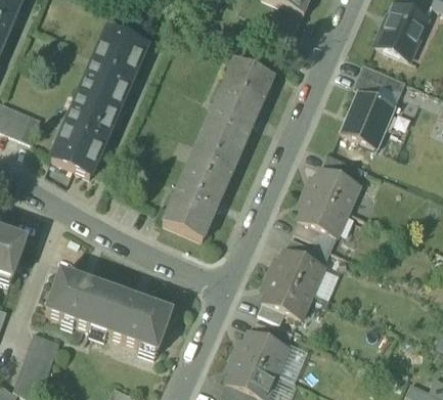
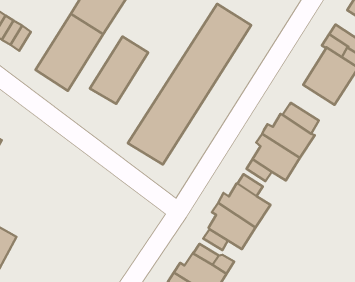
building: none -> [90,37,148,104]
building: [45,271,172,352] -> none

